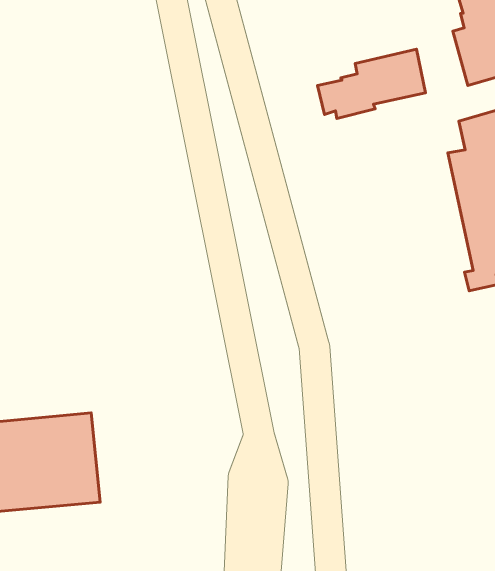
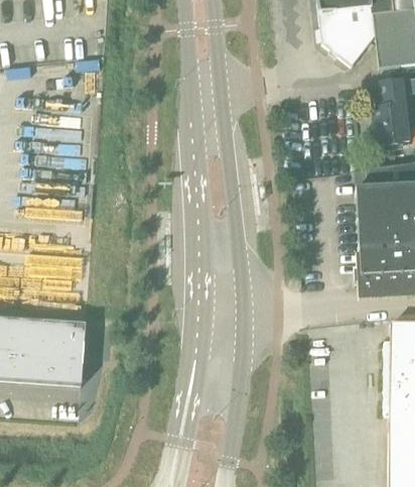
building: [317,49,425,119] -> none

